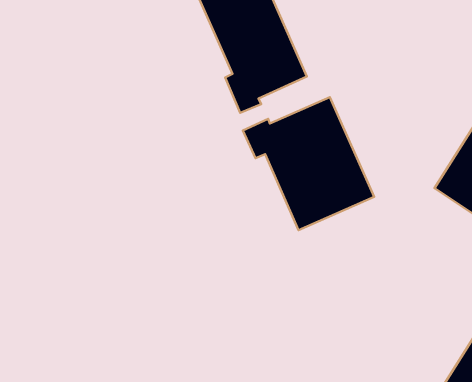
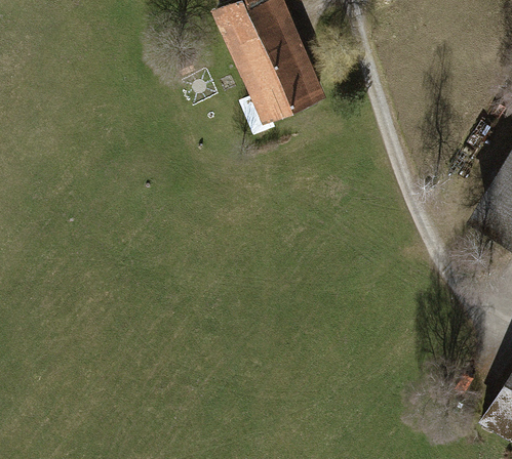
building: [243,97,374,230] -> none

